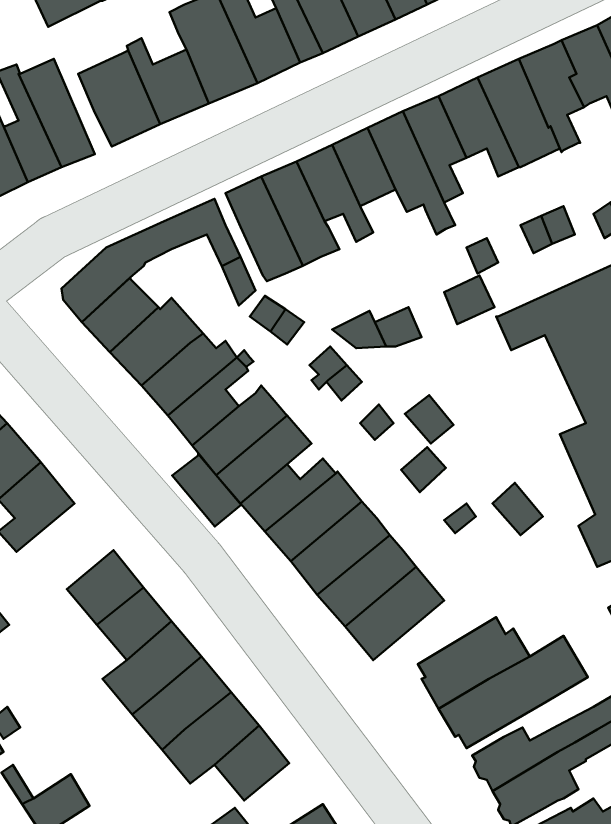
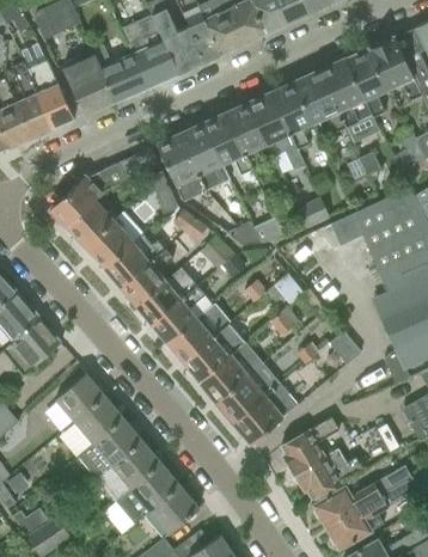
building: [172,454,241,527] -> none

